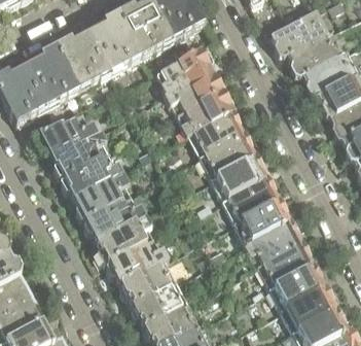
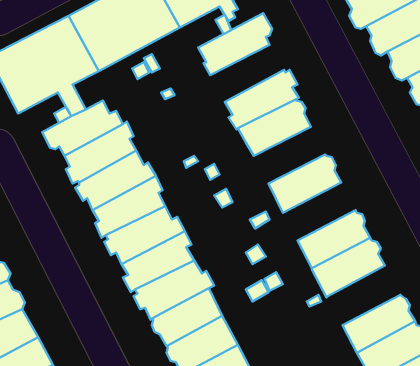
building: [163,69,224,113] -> none
building: [198,133,254,177] -> none
building: [221,176,278,221] -> none
building: [251,241,313,296] -> none

